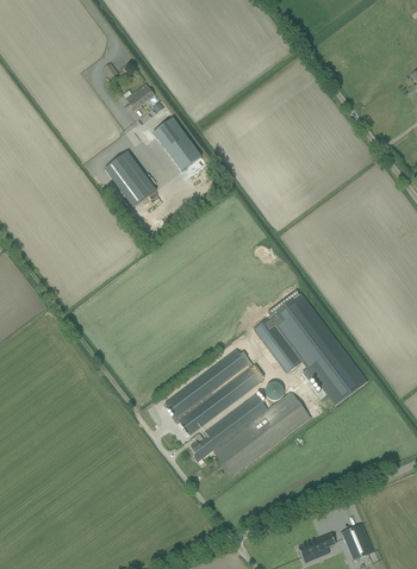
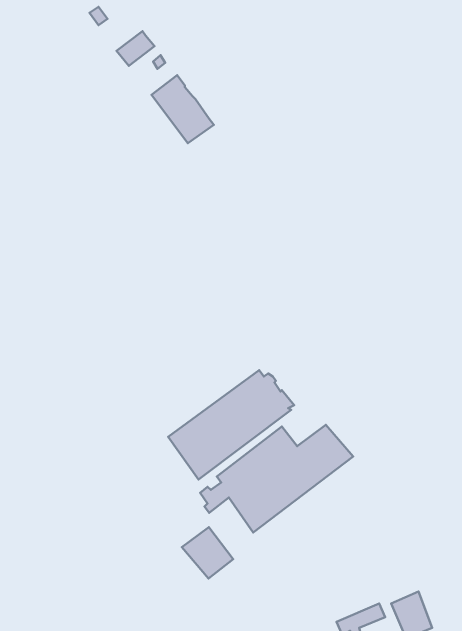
building: [105,150,156,207] -> none
building: [254,289,368,405] -> none
building: none -> [182,527,233,579]

